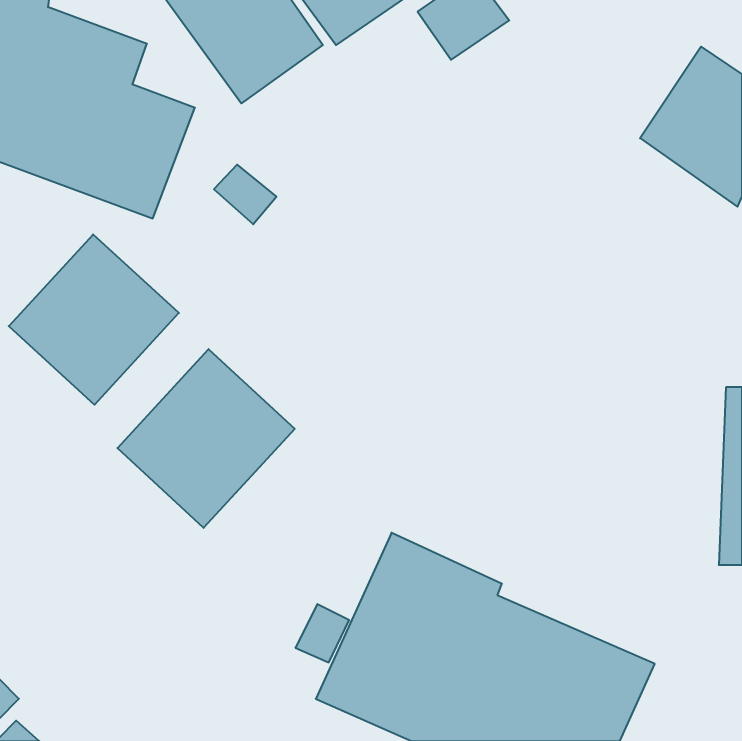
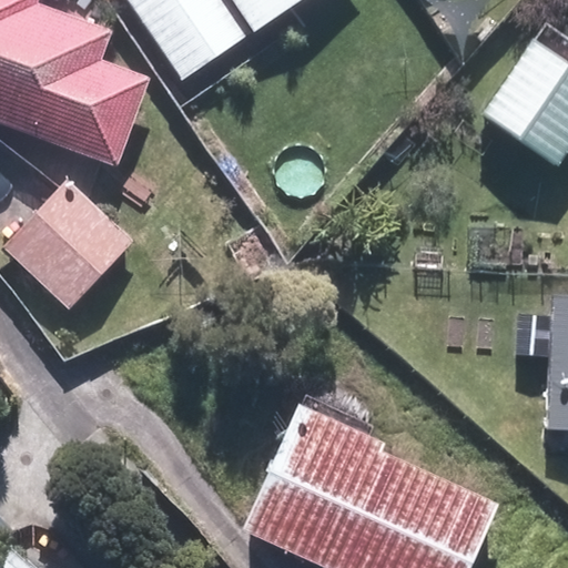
building: [117,349,295,528] -> none

